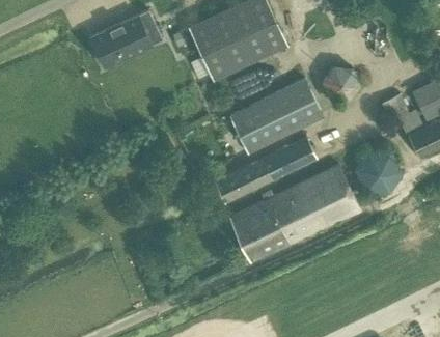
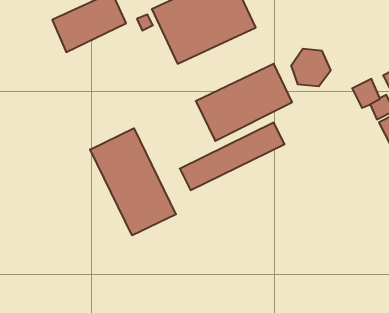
building: none -> [90,128,176,235]
building: [353,149,403,194] -> none
building: [230,167,359,260] -> none

